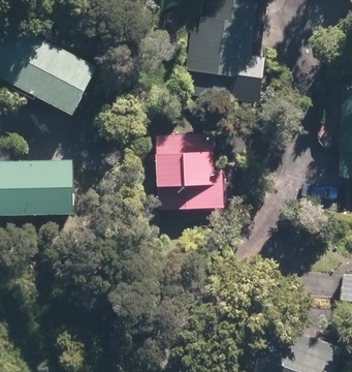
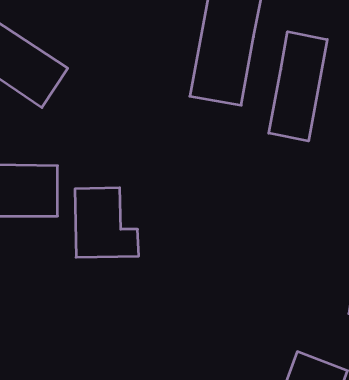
building: none -> [269,32,327,141]
building: [163,136,222,200] -> [75,188,139,257]

